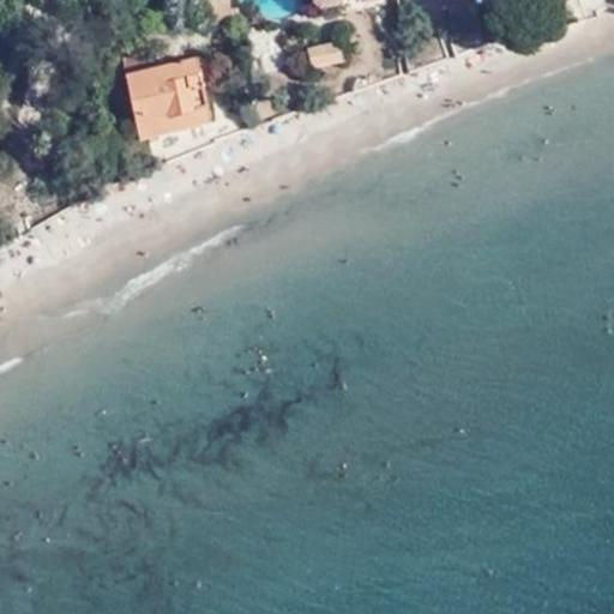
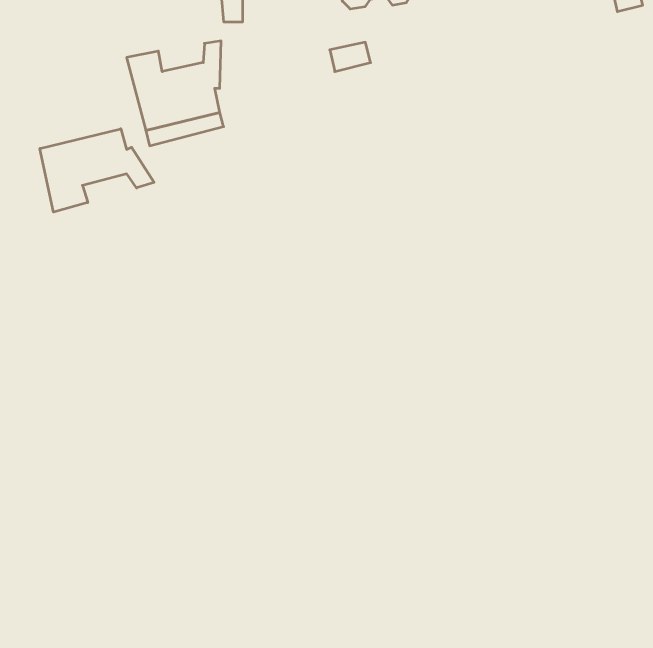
building: none -> [40,129,154,212]

